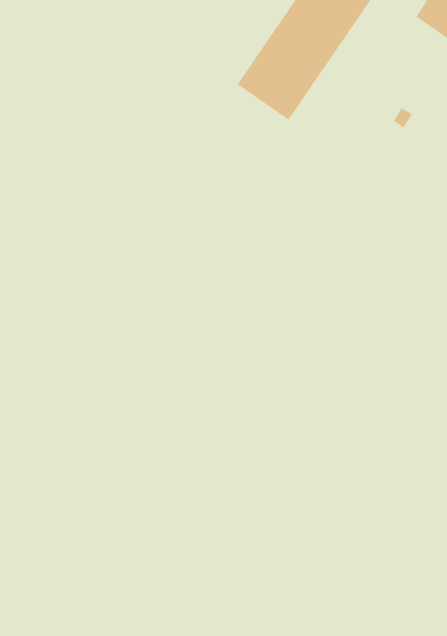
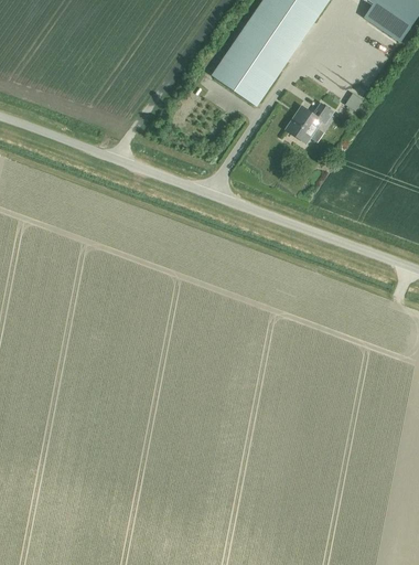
building: none -> [286,103,333,142]

